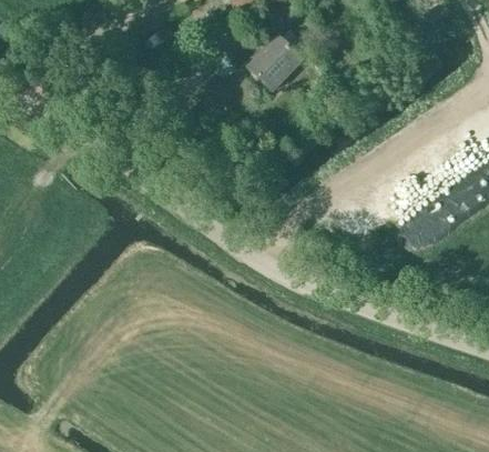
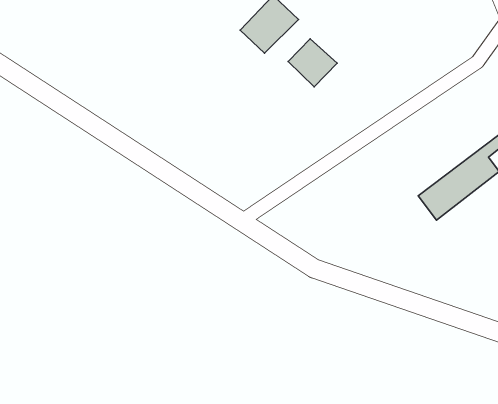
building: none -> [288,39,337,87]

